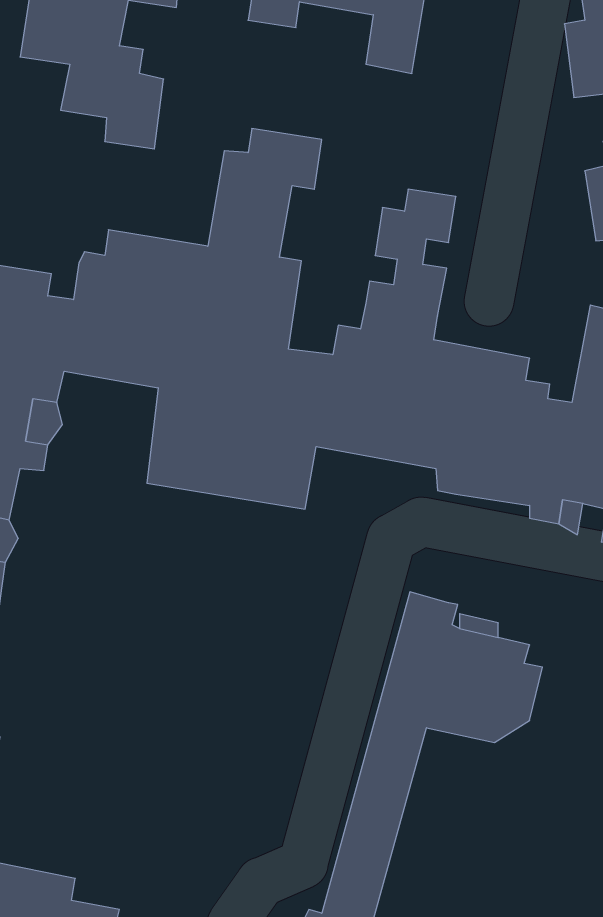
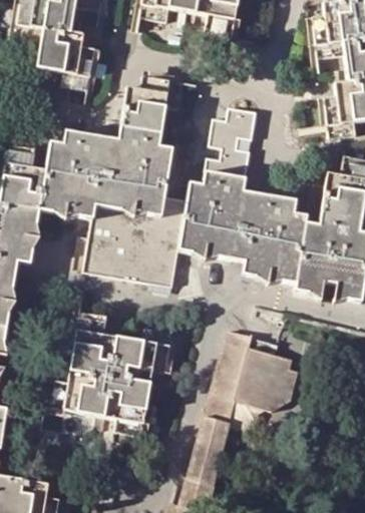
building: none -> [36,316,170,450]

